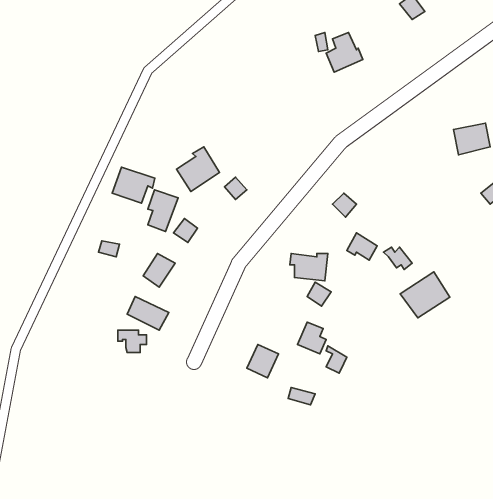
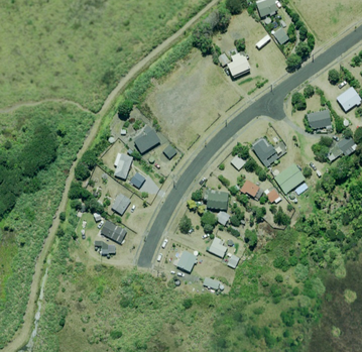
building: none -> [252,136,278,168]
building: [112,167,155,203] -> none
building: [400,272,450,318] -> [274,162,306,192]

